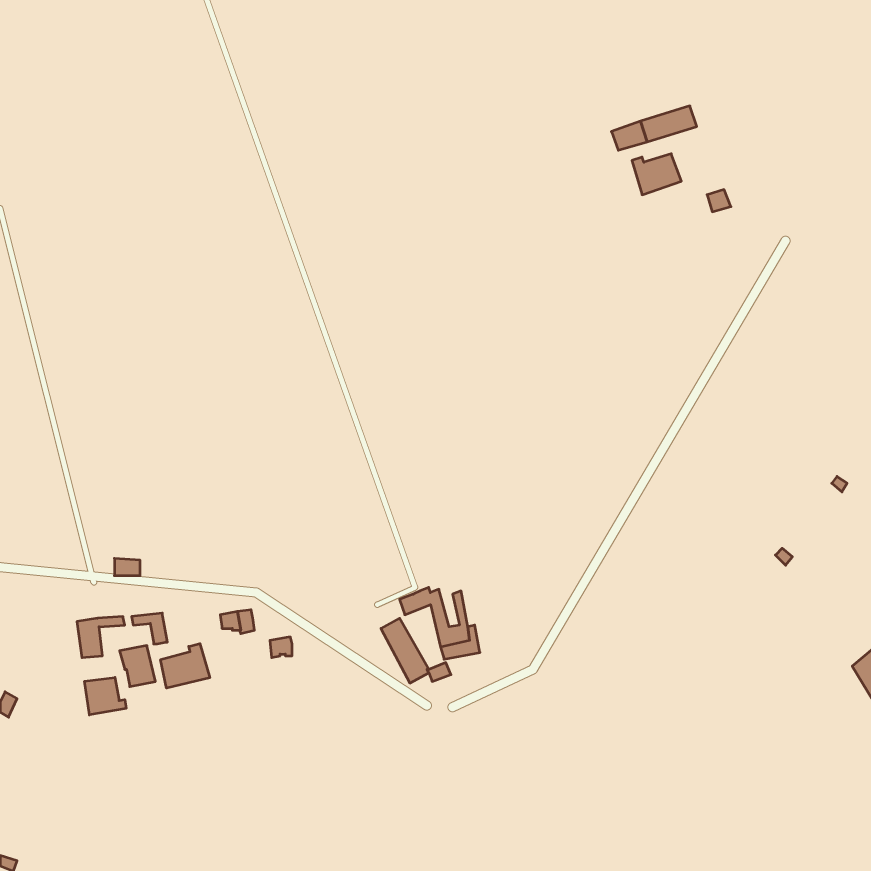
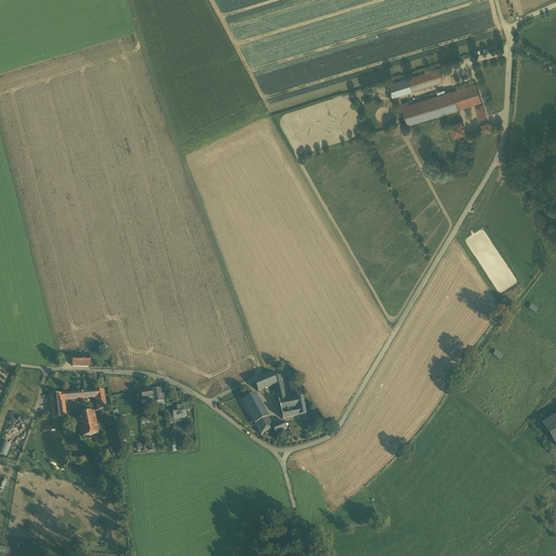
building: none -> [428,83,482,115]
building: [161,644,210,688] -> none
building: [85,677,126,715] -> none

